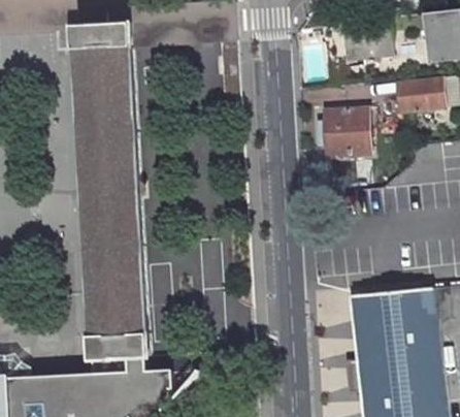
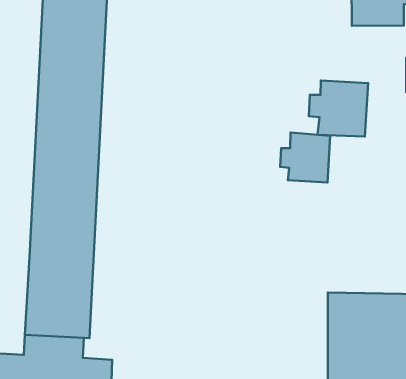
building: none -> [280,133,330,183]

